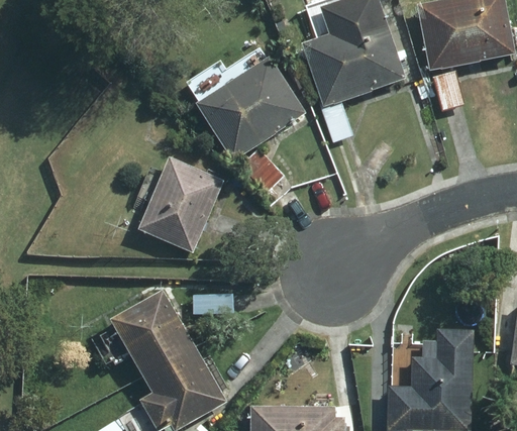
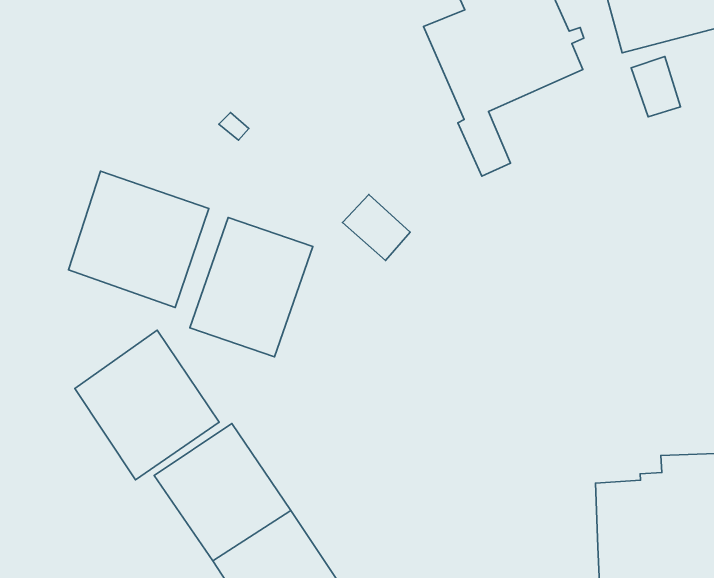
building: [196,58,303,158] -> none
building: none -> [69,171,209,308]
building: none -> [75,330,219,480]

